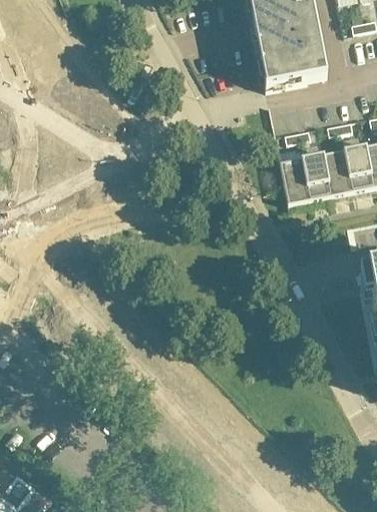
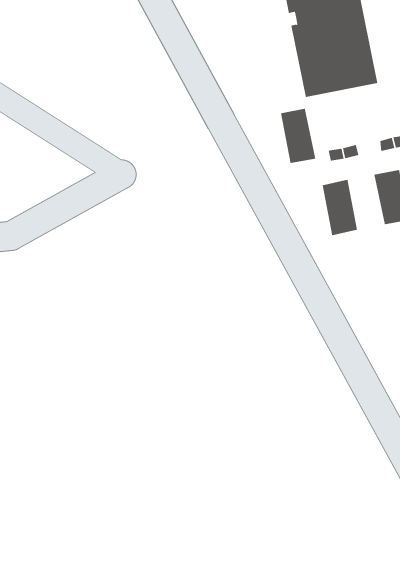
building: [302,152,332,198] -> [280,108,316,163]

